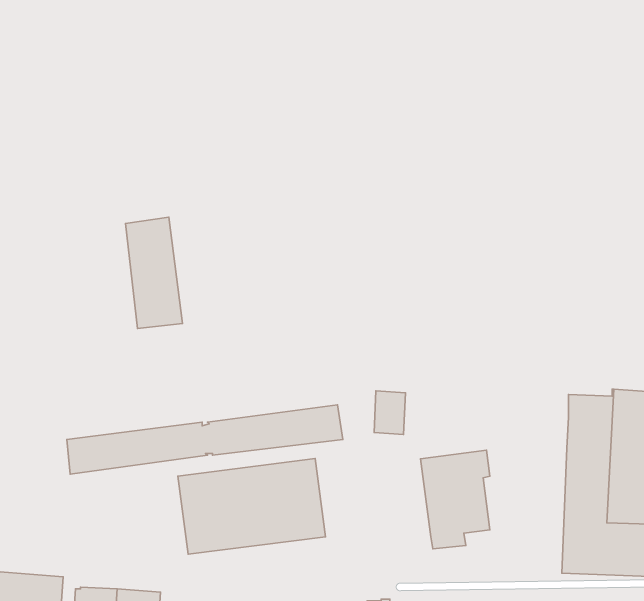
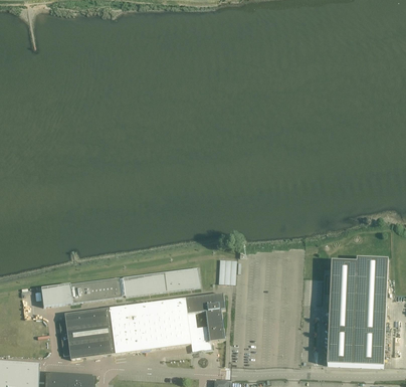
building: [125,217,182,328] -> none
building: [421,450,490,549] -> [184,294,224,351]
building: none -> [58,309,111,360]

